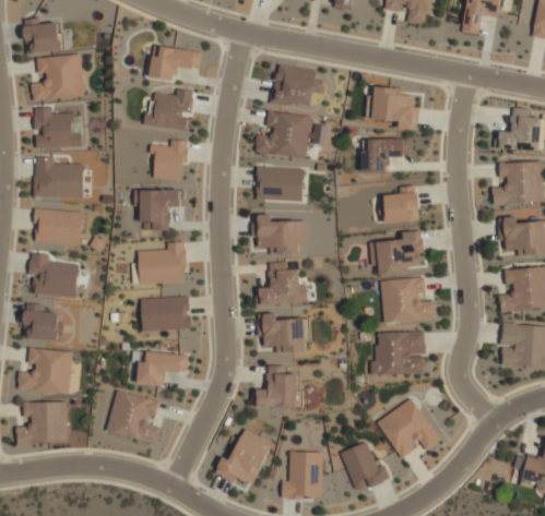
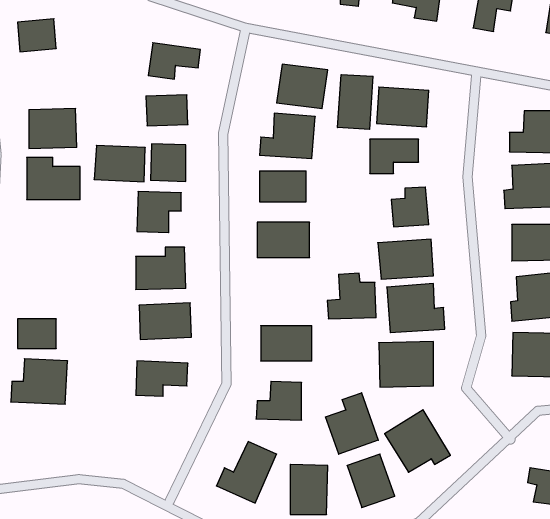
building: [31,53,84,100] -> none
building: none -> [338,75,373,129]
building: [33,208,82,243] -> [94,145,145,182]
building: [28,256,79,297] -> none
building: [257,262,304,305] -> [327,273,376,319]
building: none -> [326,393,378,454]
building: [106,391,161,445] -> none
building: [16,401,69,446] -> none

